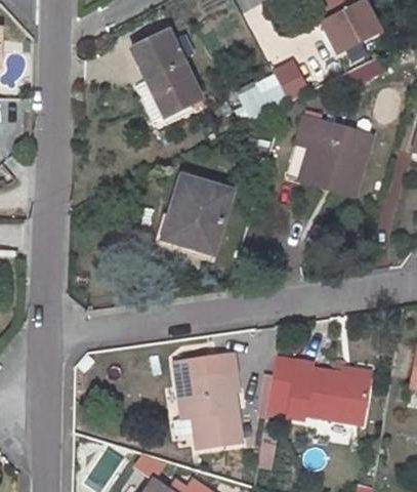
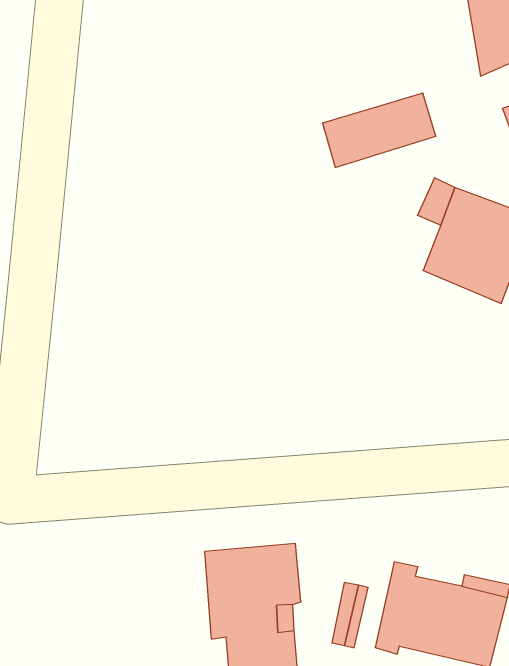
building: [133,30,202,117] -> none
building: [163,177,231,253] -> none

